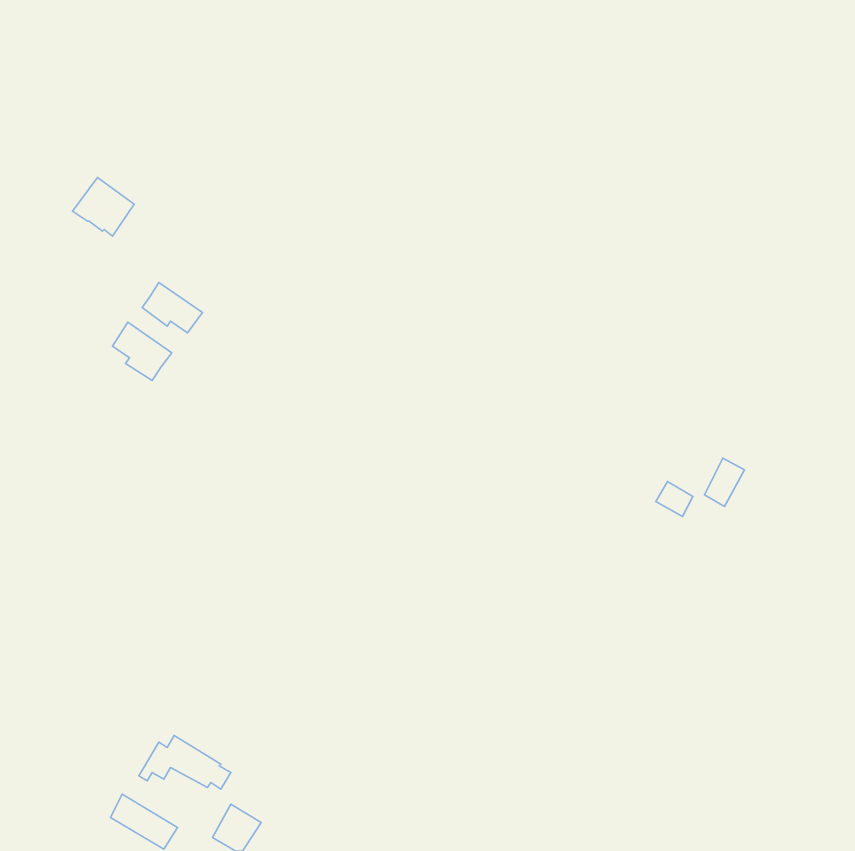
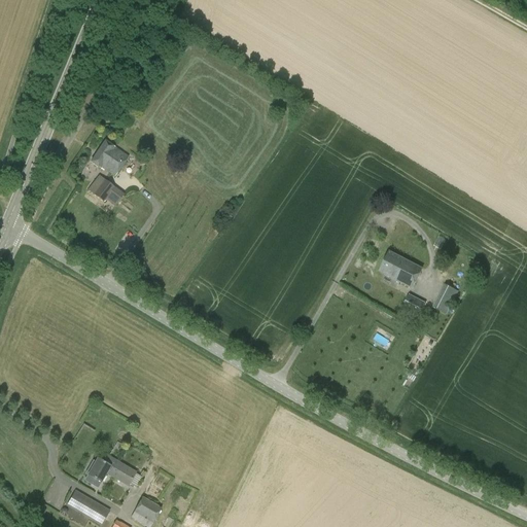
building: [72,178,134,236] -> [90,139,128,175]
building: [112,322,172,381] -> none
building: none -> [379,250,422,287]

